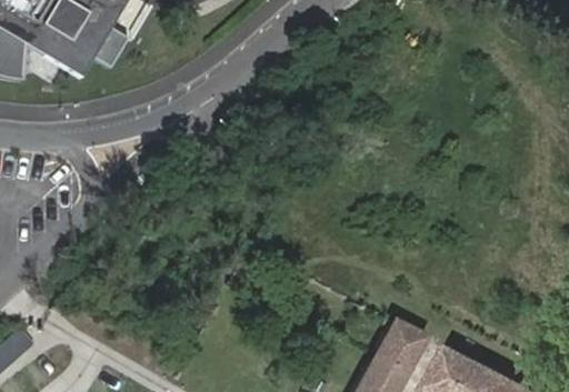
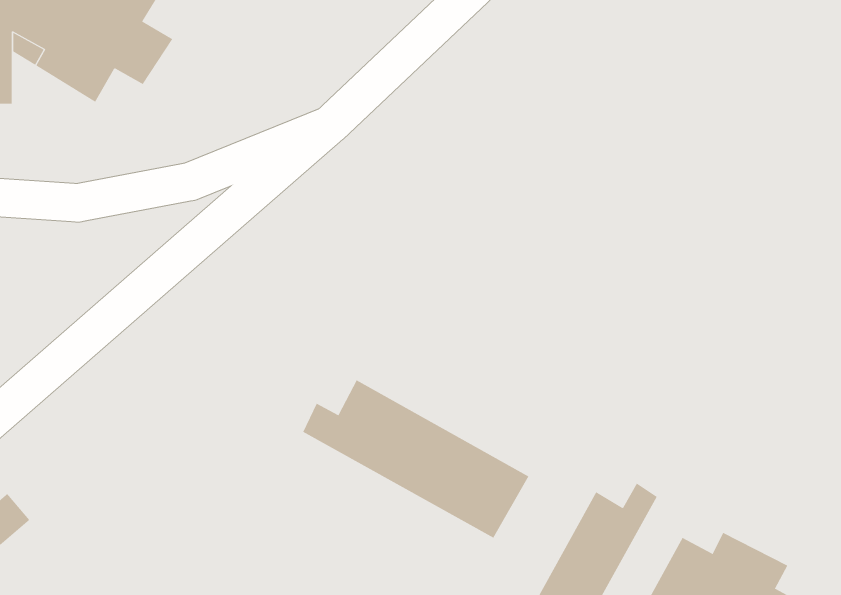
building: none -> [302,380,529,538]

